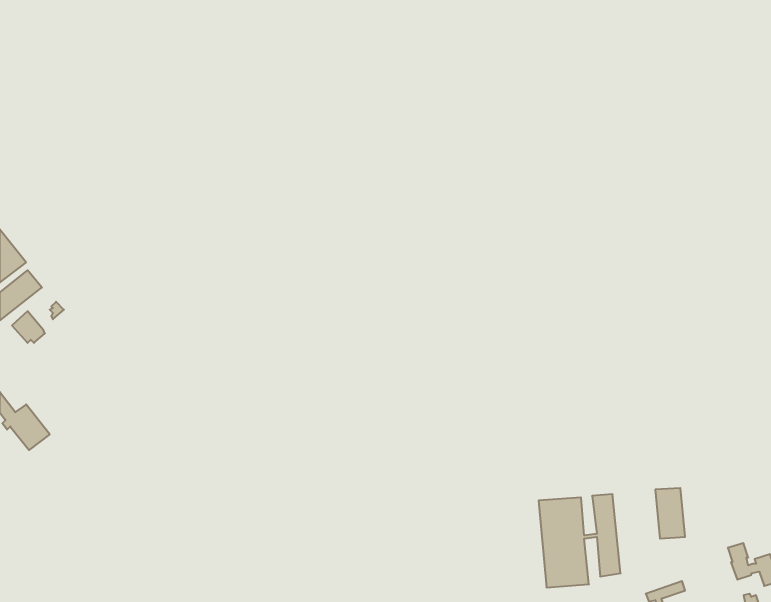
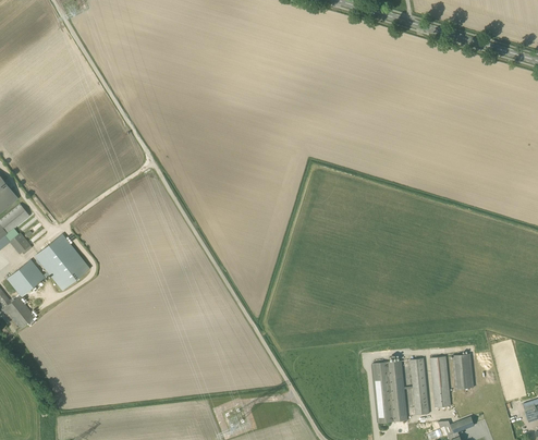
building: none -> [35,233,89,290]
building: none -> [7,259,45,296]
building: none -> [430,356,451,407]

